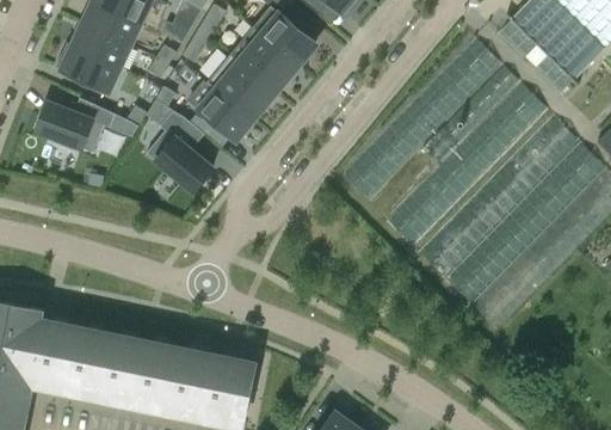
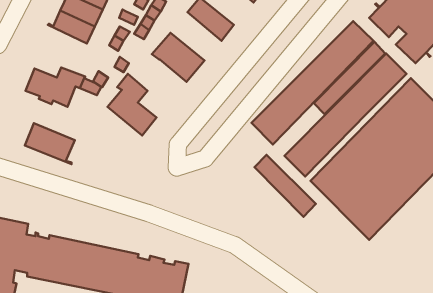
building: [232,26,300,91] -> none
building: [56,43,119,92] -> none
building: [199,90,253,140] -> none
building: none -> [25,123,75,164]
building: none -> [254,155,316,217]

